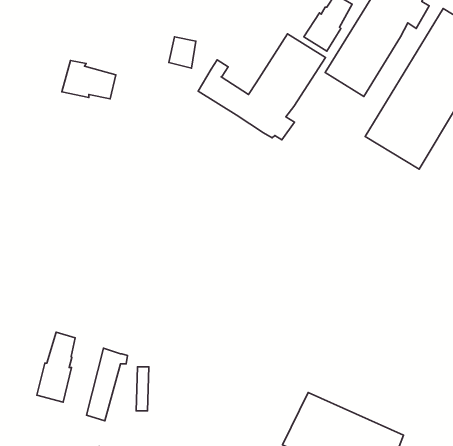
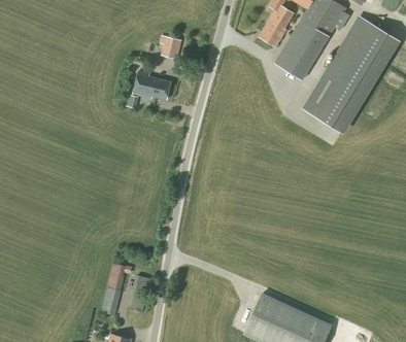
building: [198,34,325,140] -> none
building: [62,61,116,99] -> [132,71,171,99]
building: [37,332,75,402] -> none

